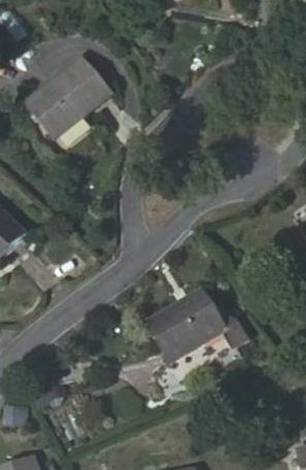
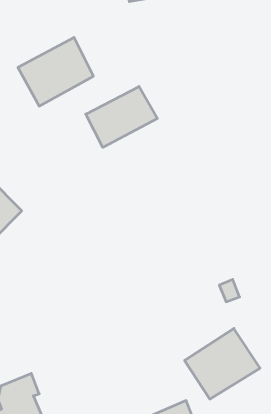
building: none -> [86,86,157,147]
building: [133,291,213,366] -> [185,328,260,399]

